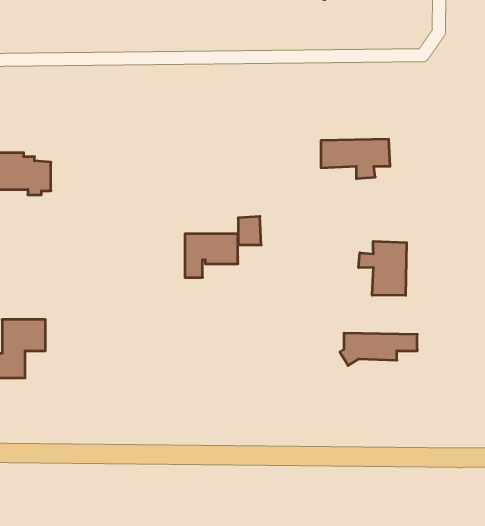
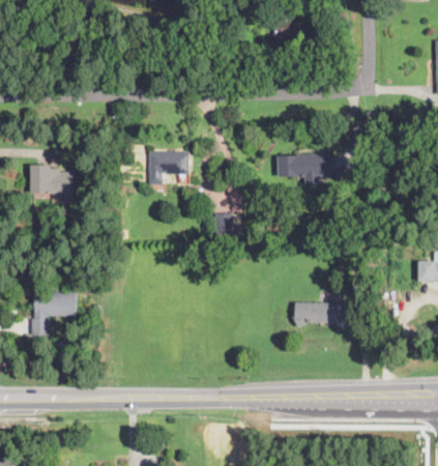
building: [185,234,238,277] -> [149,151,189,184]
building: [359,241,407,295] -> none

